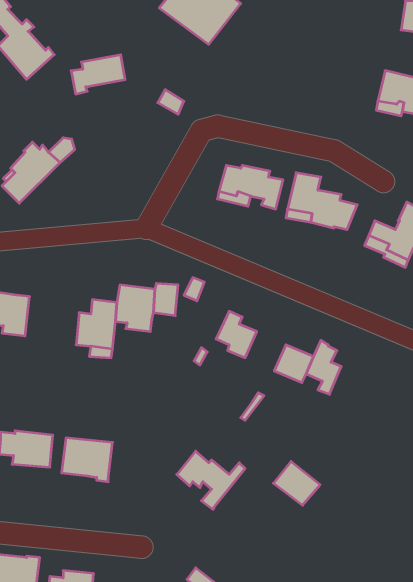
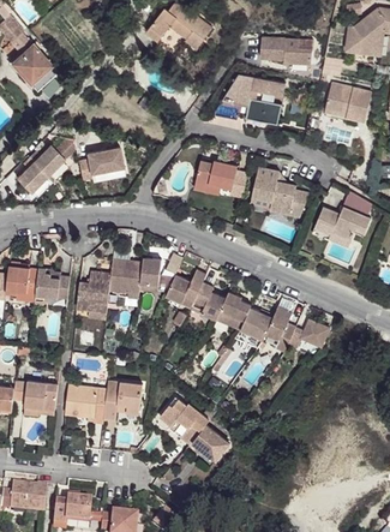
building: none -> [259,37,312,65]
building: [71,55,125,94] -> [78,148,122,180]
building: none -> [215,73,286,124]
building: none -> [35,268,70,303]
building: none -> [166,269,206,306]
building: none -> [217,292,251,330]
building: none -> [288,318,329,347]
building: none -> [103,381,142,420]
building: [273,461,320,505] -> [191,424,229,460]

